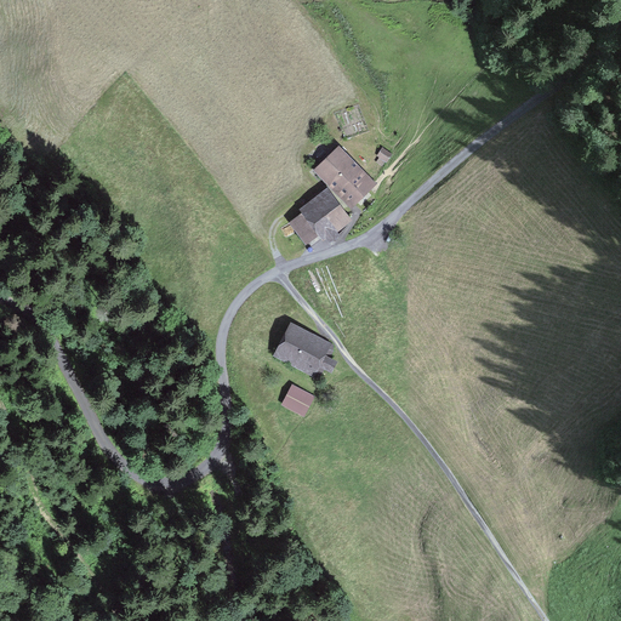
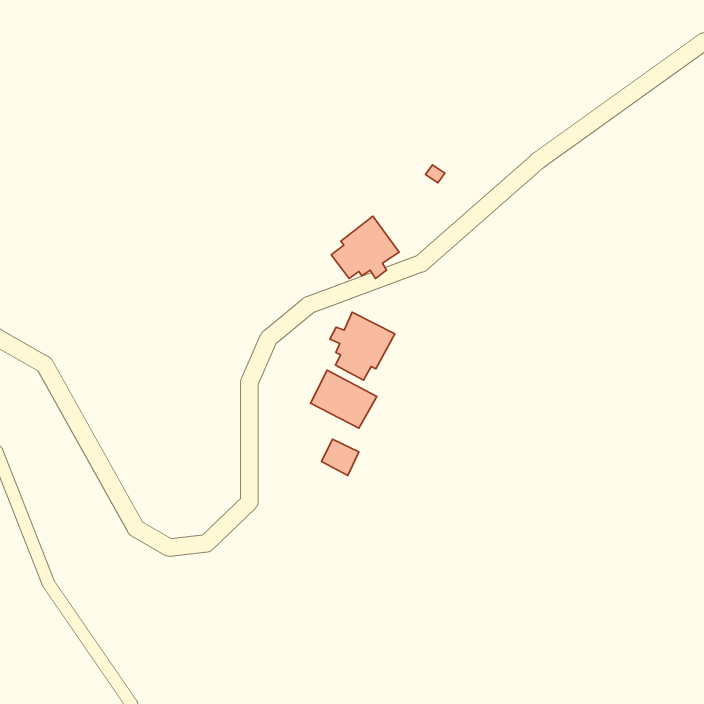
building: [313,146,375,207] -> none
building: none -> [330,312,395,380]

